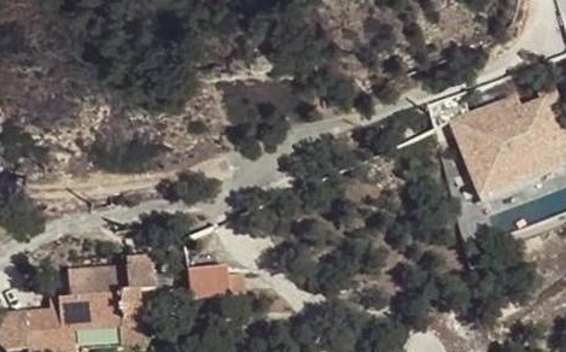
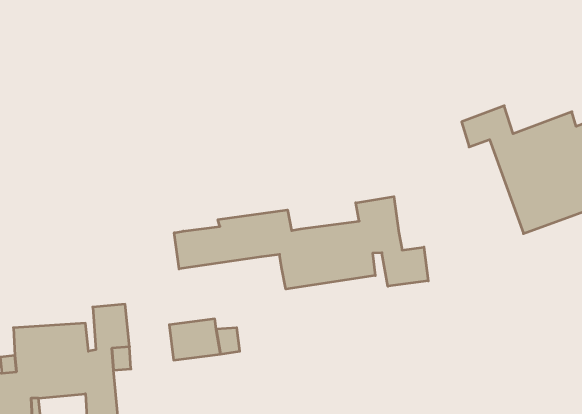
building: none -> [174,197,428,289]

